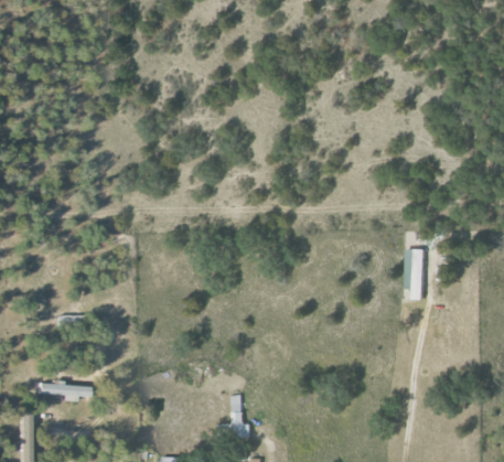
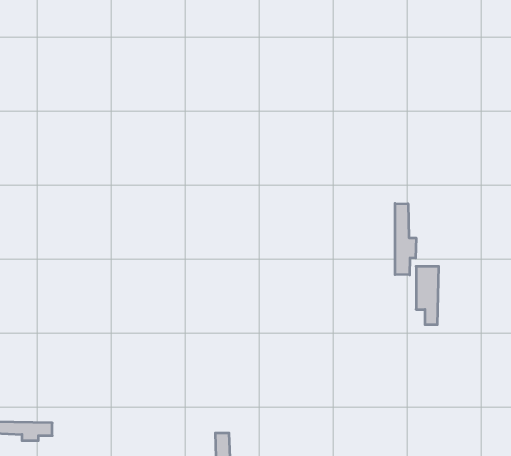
building: none -> [395,203,416,275]

